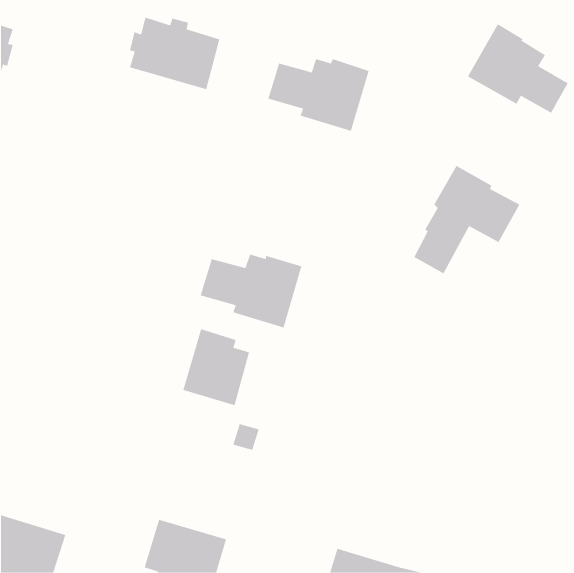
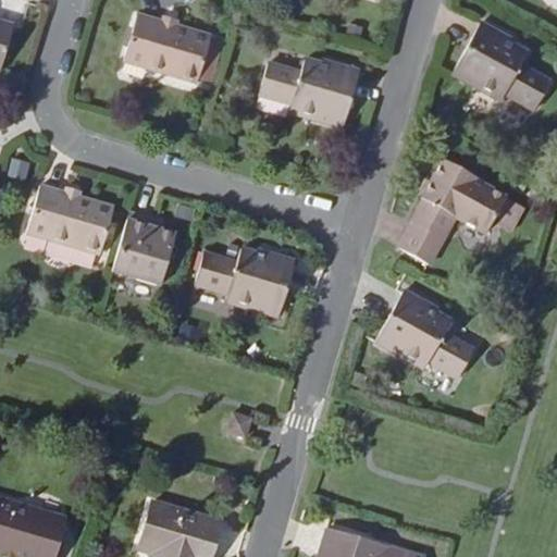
building: none -> [30,187,117,258]
building: none -> [375,289,474,379]
building: [183,328,250,406] -> [116,213,182,288]

